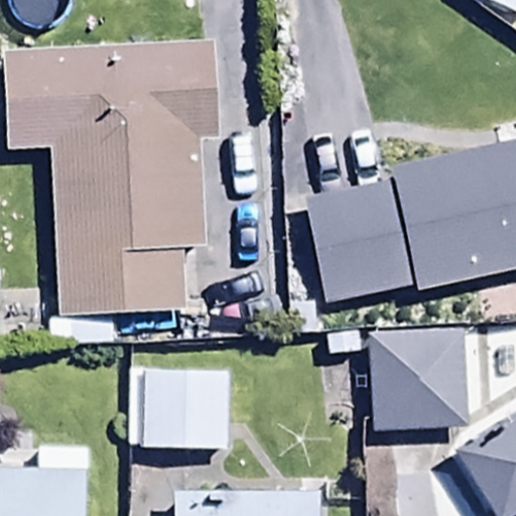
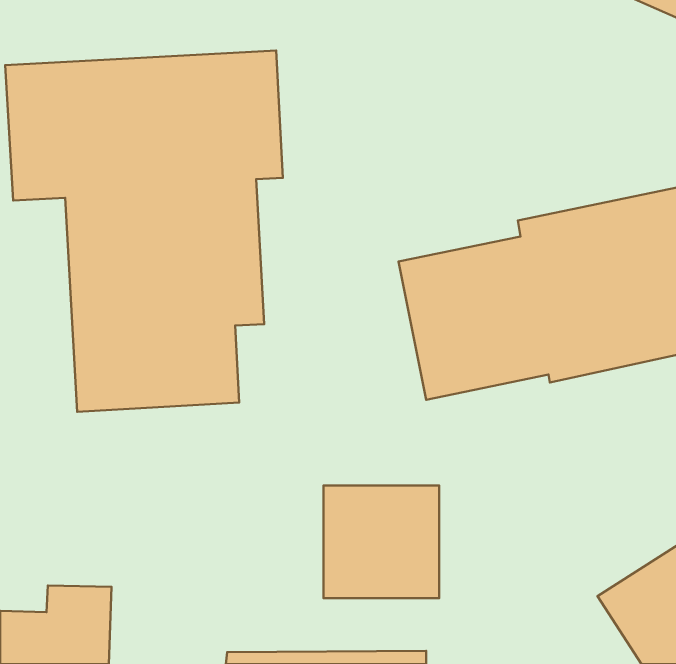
building: [365,330,463,431] -> none
building: [143,365,231,450] -> [324,485,439,598]

